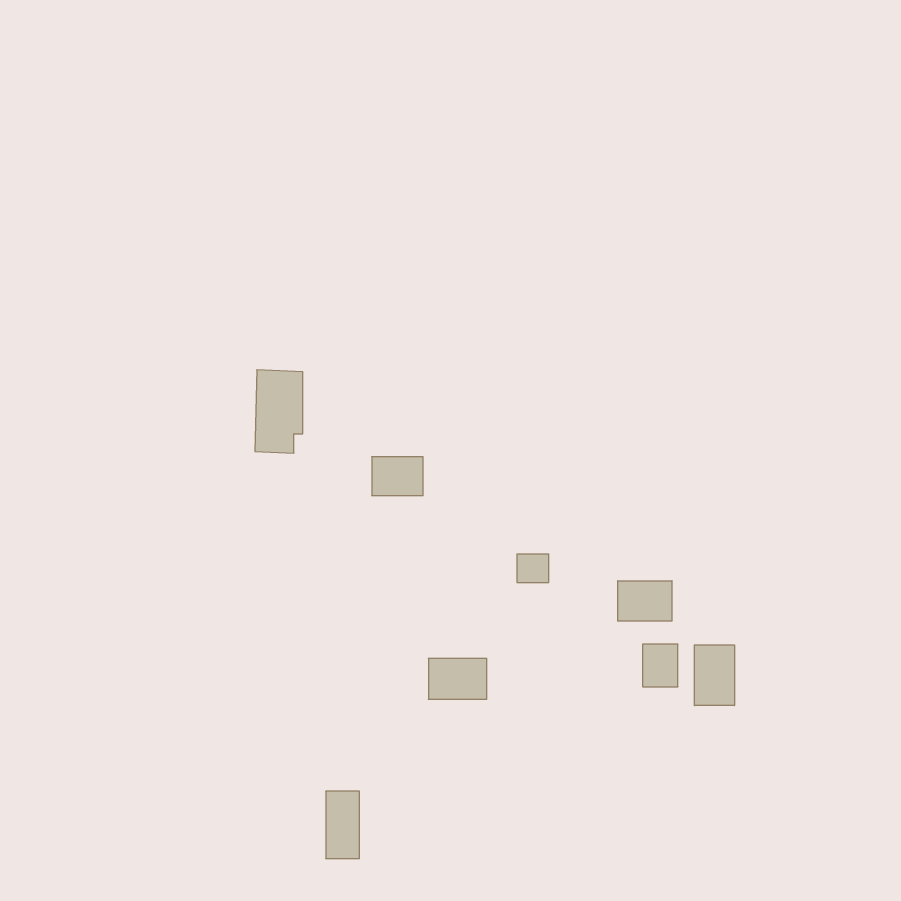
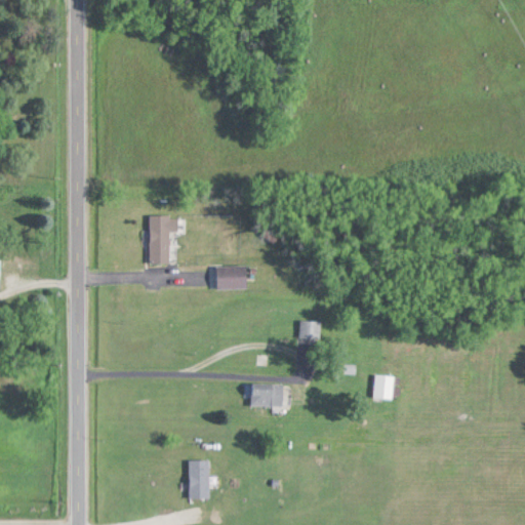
building: [618,581,672,621] -> none
building: [694,645,734,706] -> none

